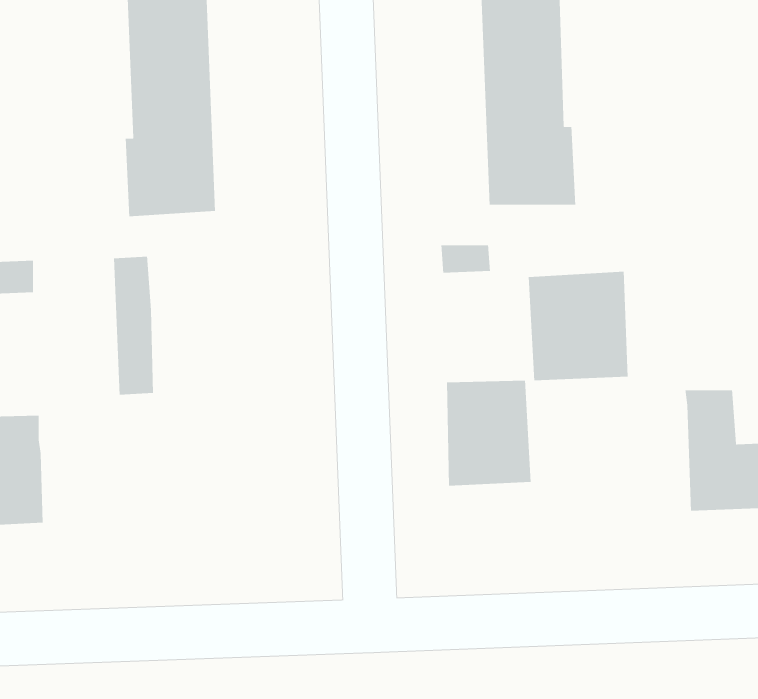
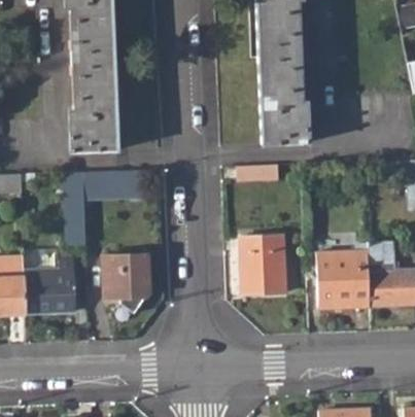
building: none -> [82,169,128,200]
building: [528,271,628,381] -> [317,250,371,309]
building: none -> [25,253,75,313]
building: none -> [104,255,149,299]

